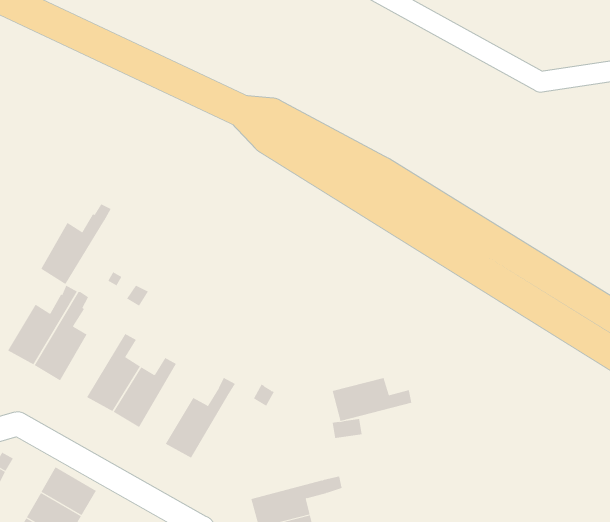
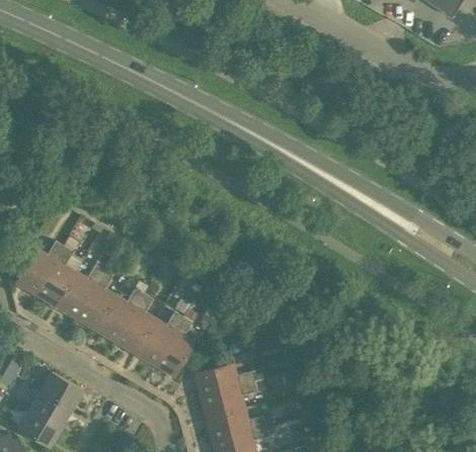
building: [41,204,111,285] -> [55,257,108,319]
building: none -> [114,283,157,354]
building: [332,377,412,421] -> [192,362,253,395]
building: none -> [154,317,195,377]

